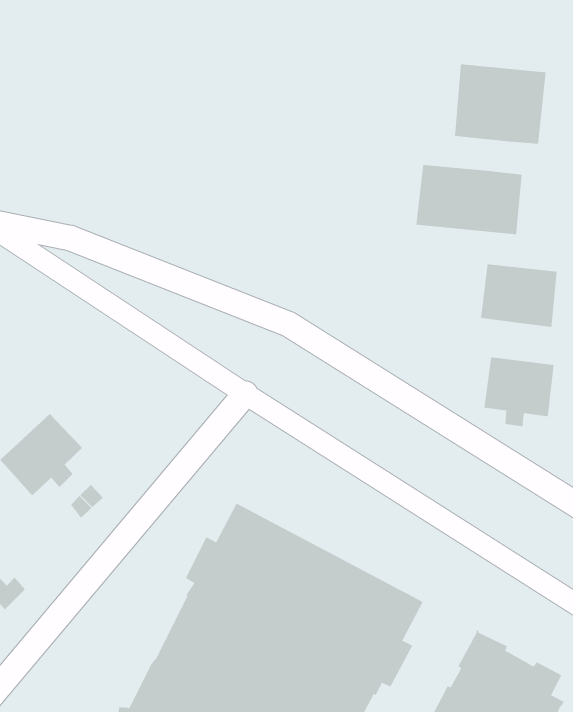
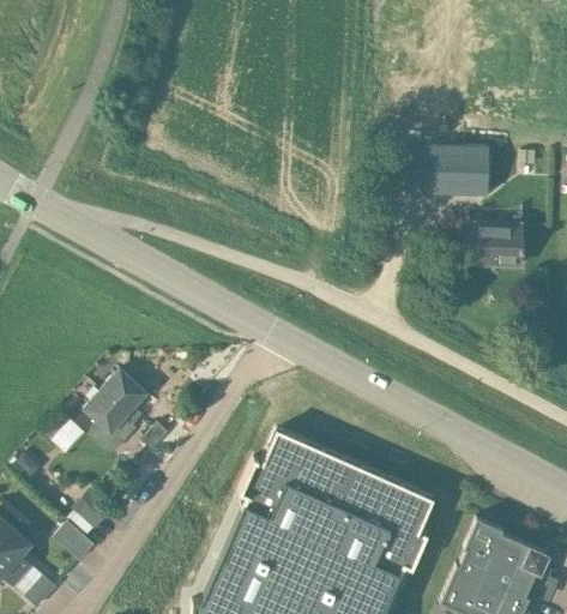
building: [454,63,546,145] -> none
building: [484,357,554,427] -> none

